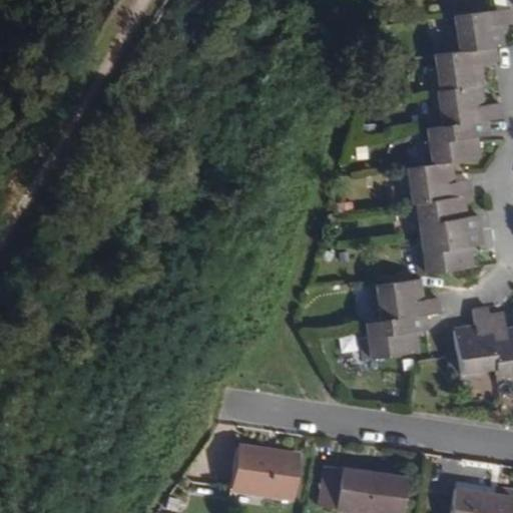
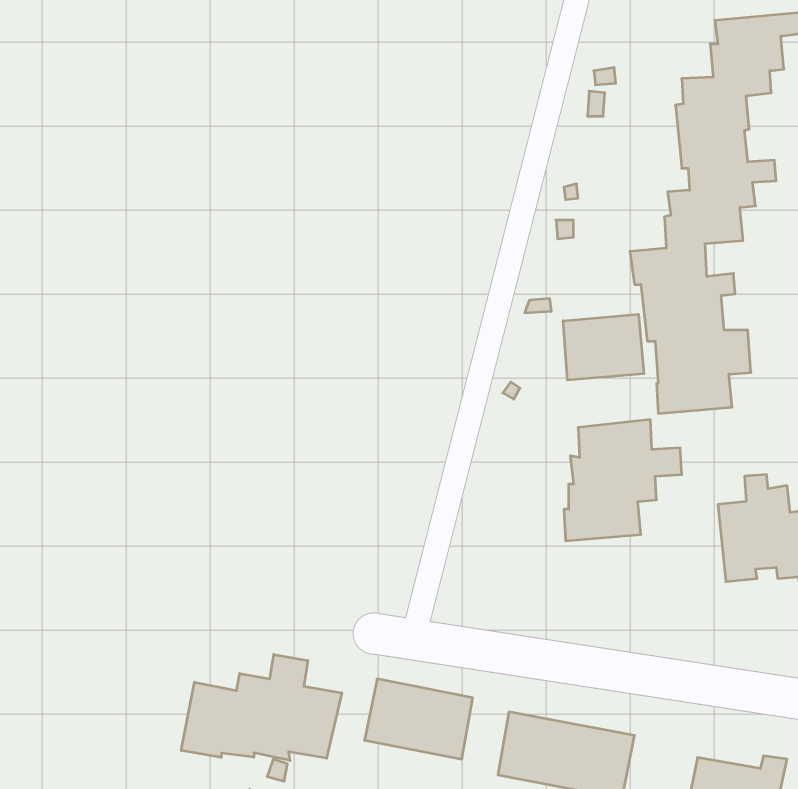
building: none -> [563,314,644,380]
building: none -> [181,654,342,761]

